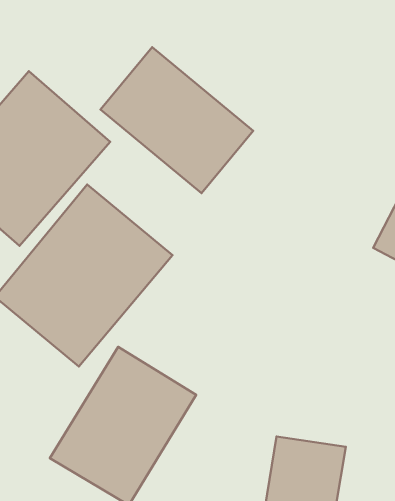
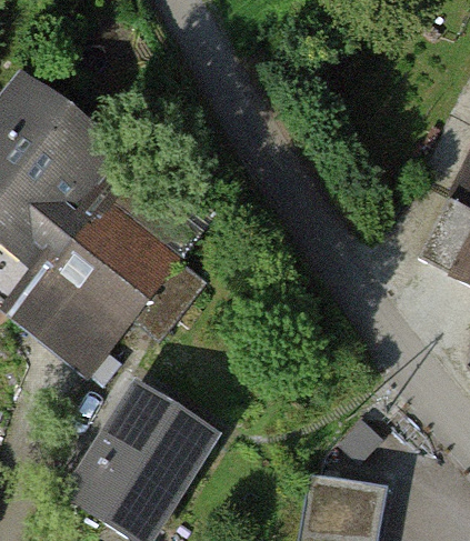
building: [101,47,253,193] -> none

